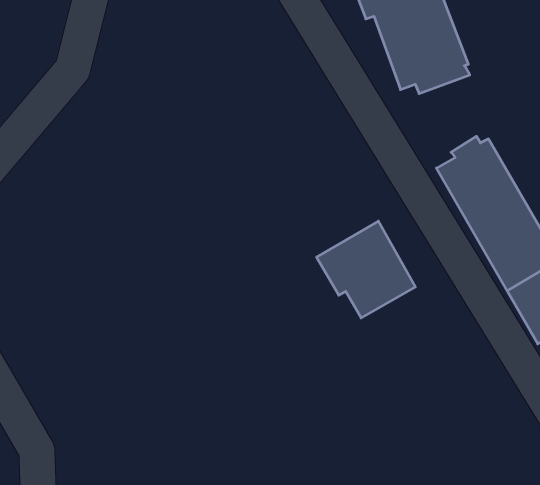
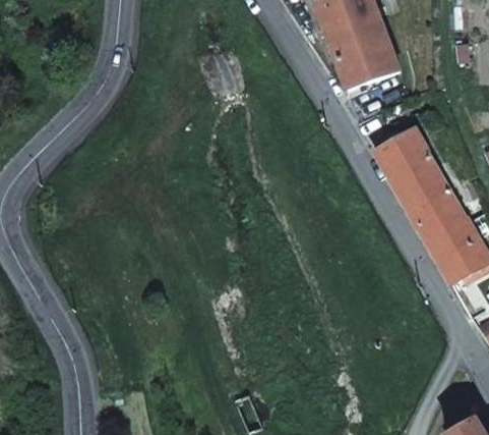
building: [317,221,415,318] -> none

